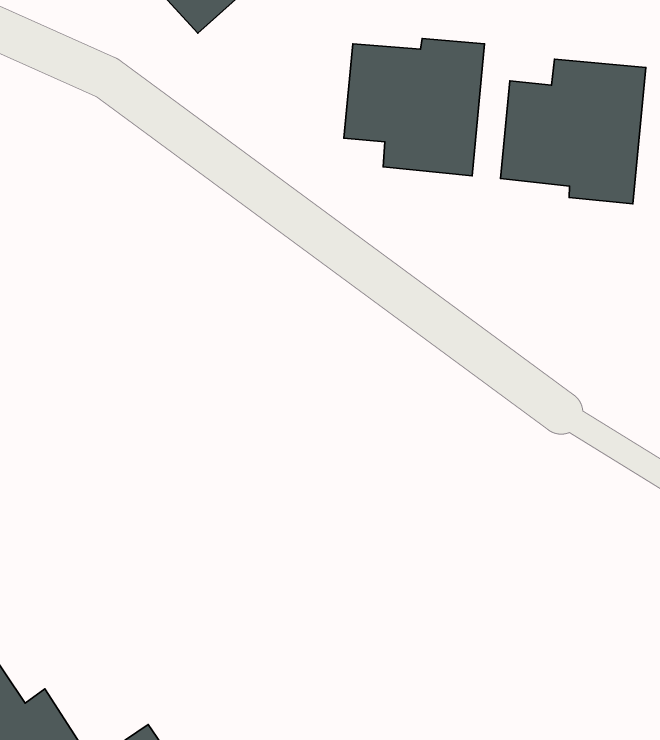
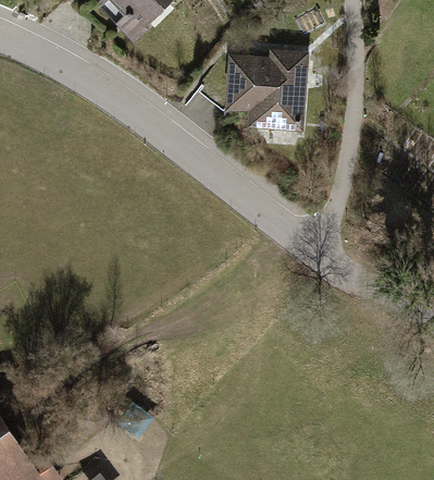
building: [500,59,646,204] -> none

